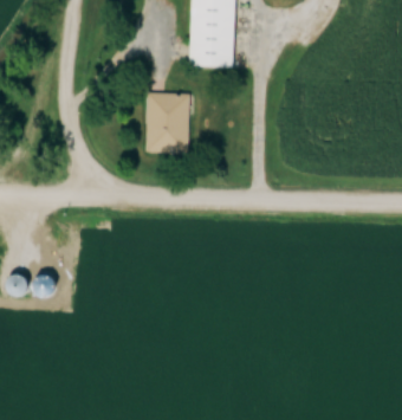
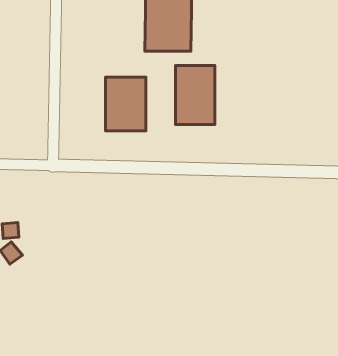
building: none -> [175,66,215,125]

